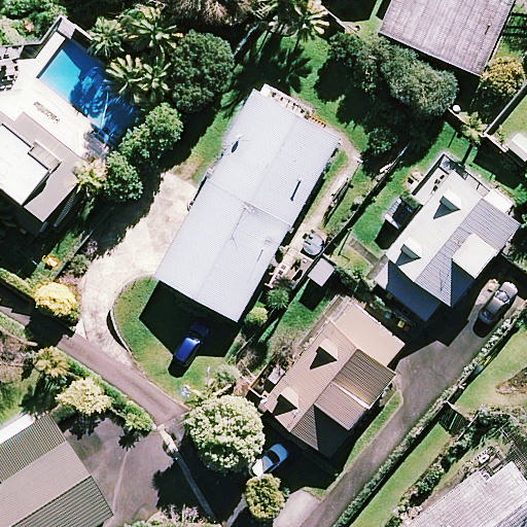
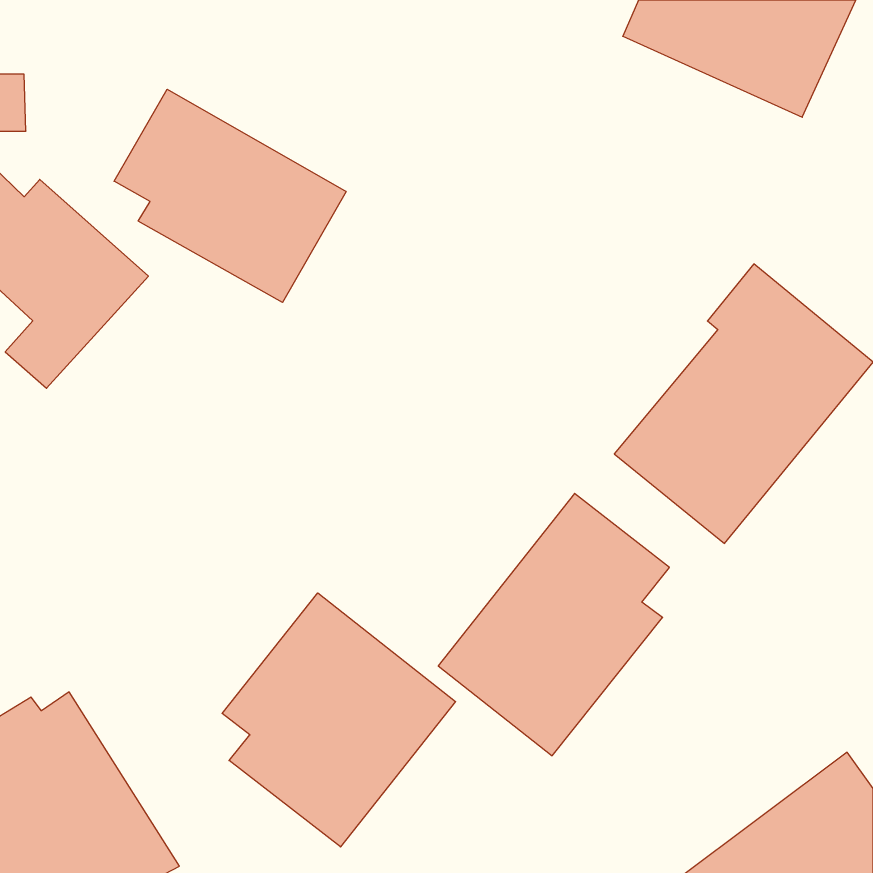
building: none -> [114,89,346,302]
building: [155,94,339,320] -> none
building: none -> [222,593,456,847]

